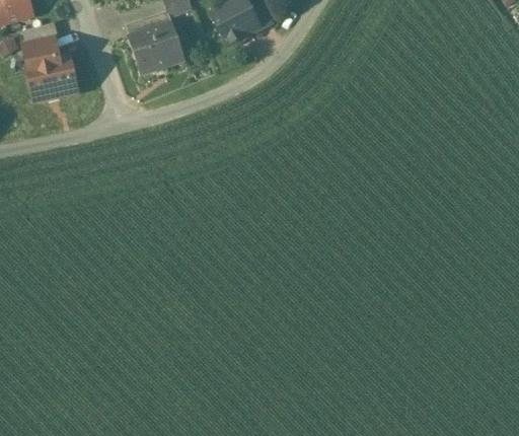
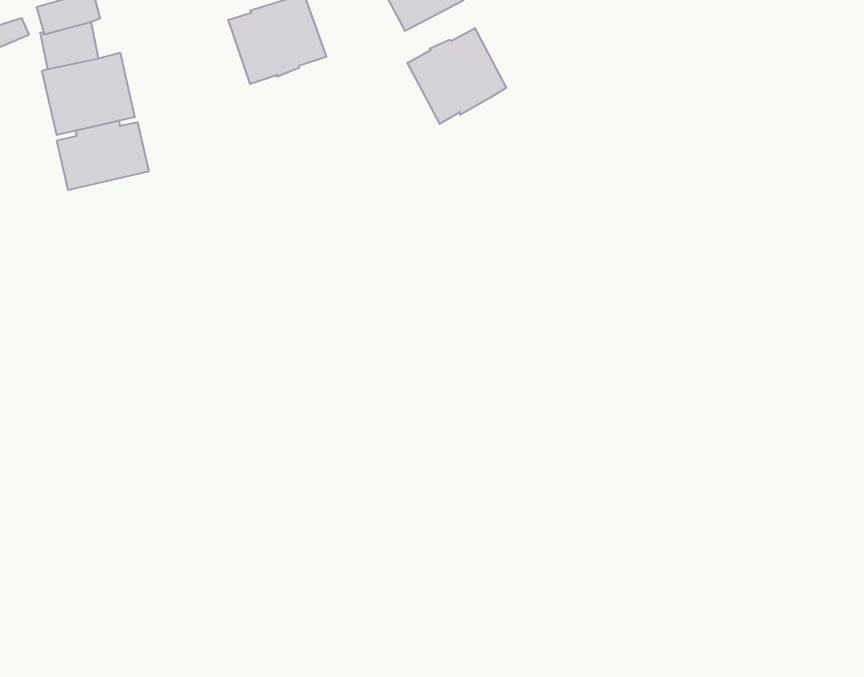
building: none -> [407,28,506,124]
building: none -> [57,121,149,190]

